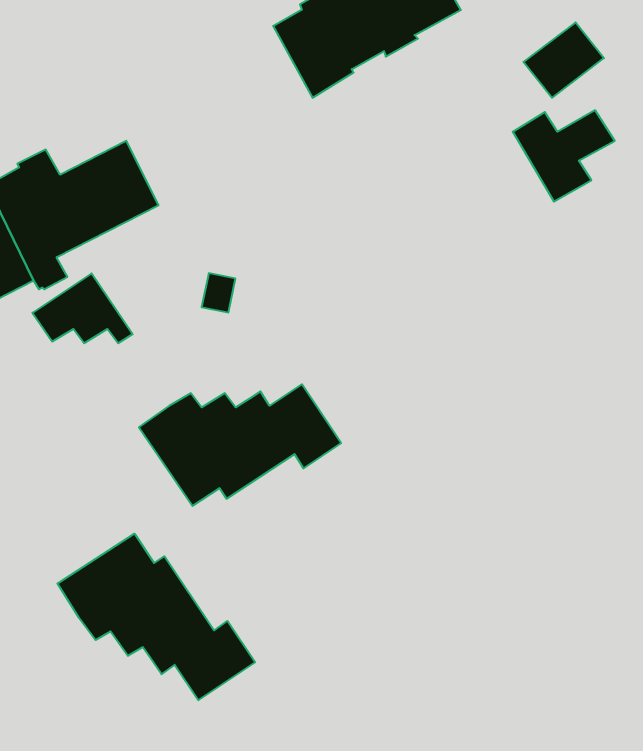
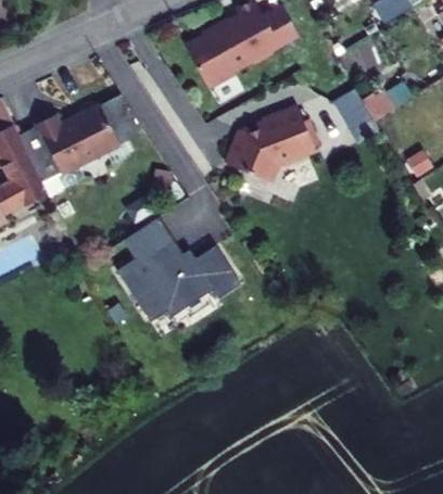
building: none -> [227,100,320,175]
building: [32,273,133,343] -> [113,229,174,271]
building: [57,534,255,700] -> none

